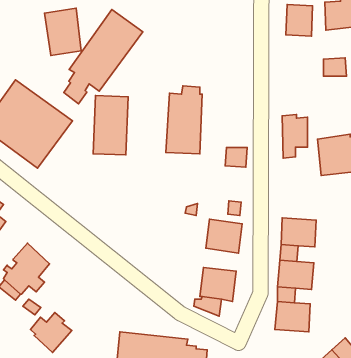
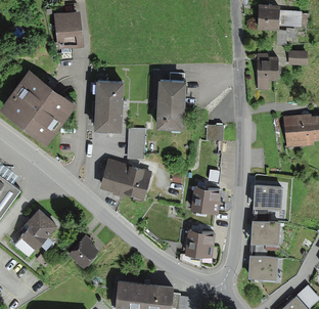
building: [64,9,143,104] -> none
building: [282,115,307,158] -> [257,55,278,92]
building: none -> [127,128,145,159]
building: none -> [99,160,151,201]
building: [31,312,72,352] -> [64,233,99,267]

